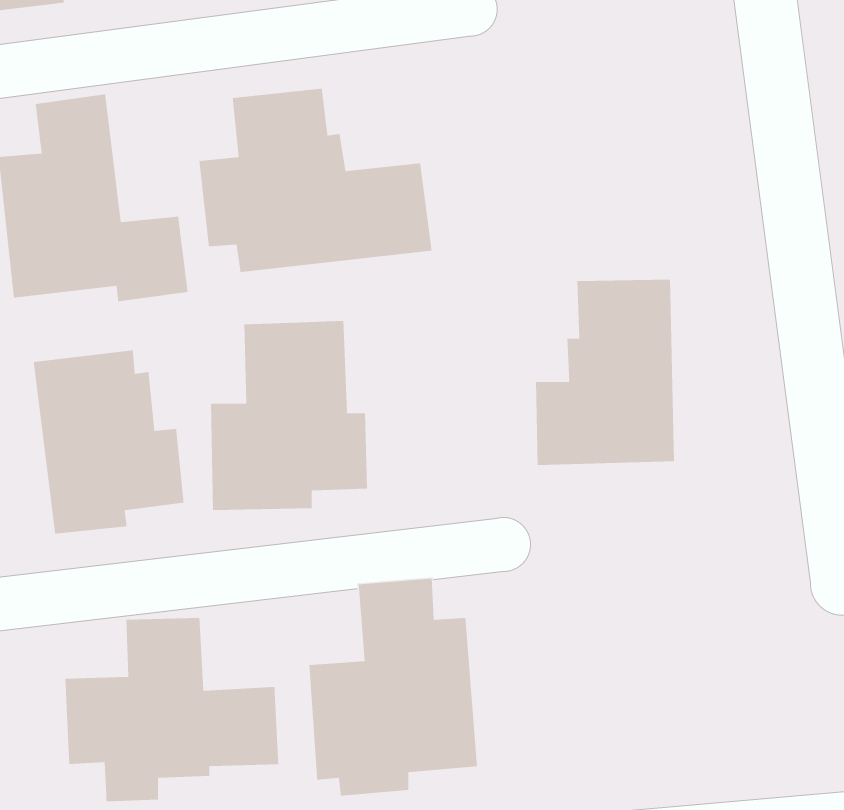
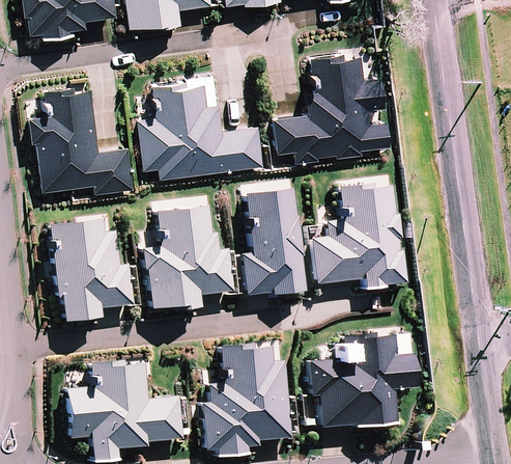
building: none -> [280,54,385,164]
building: none -> [244,187,296,292]
building: none -> [315,328,411,426]

